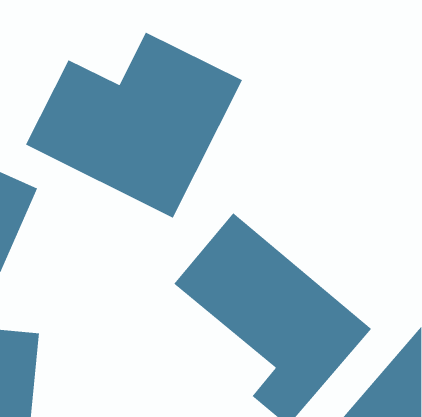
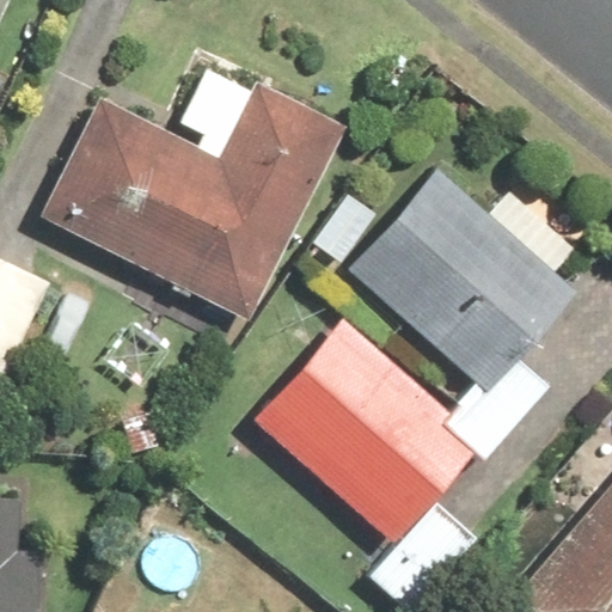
building: none -> [347,165,588,402]

